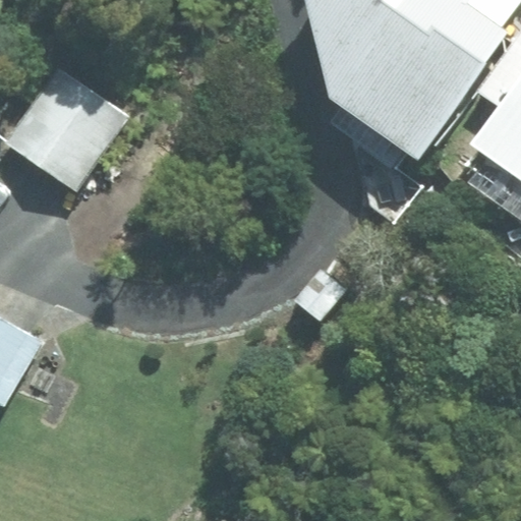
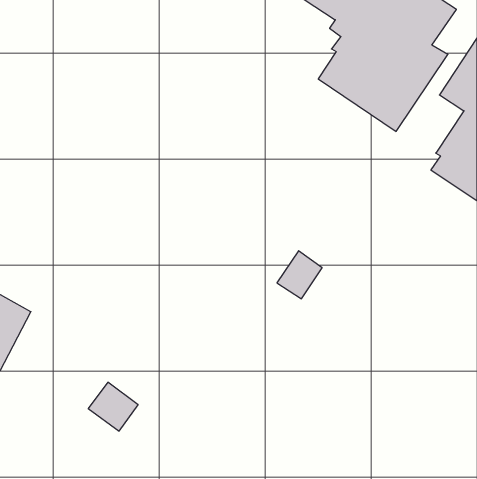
building: [10,74,133,195] -> none

